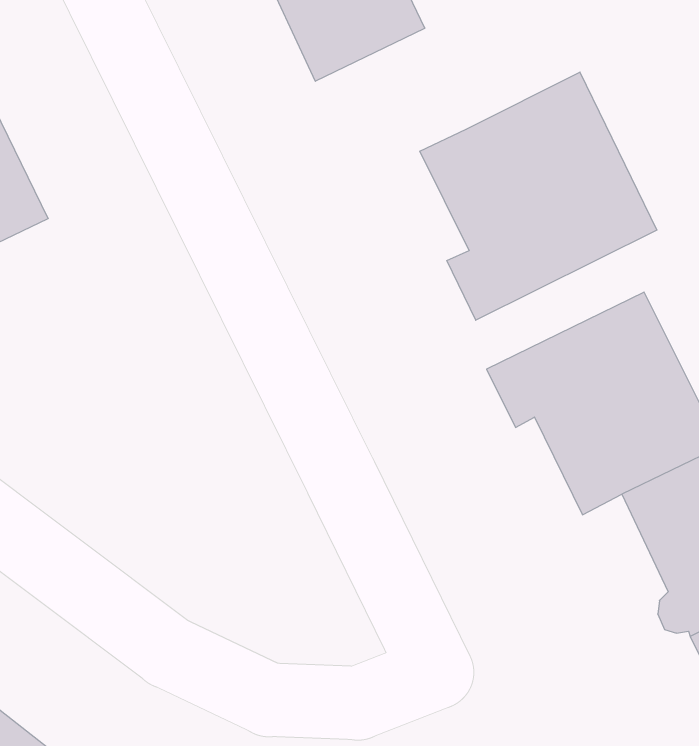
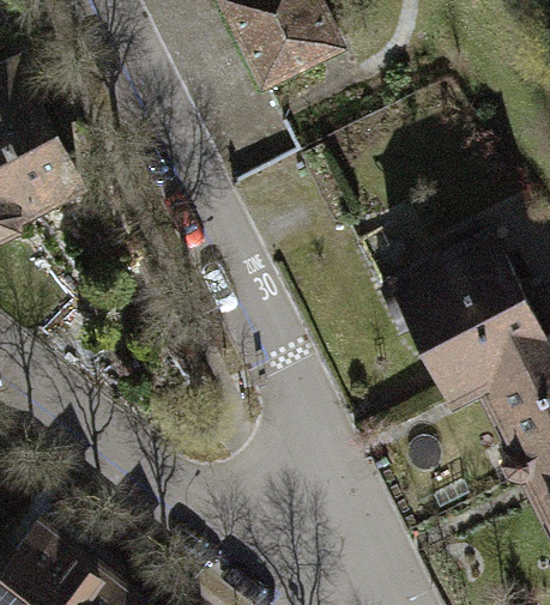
building: [420,72,657,320] -> none

